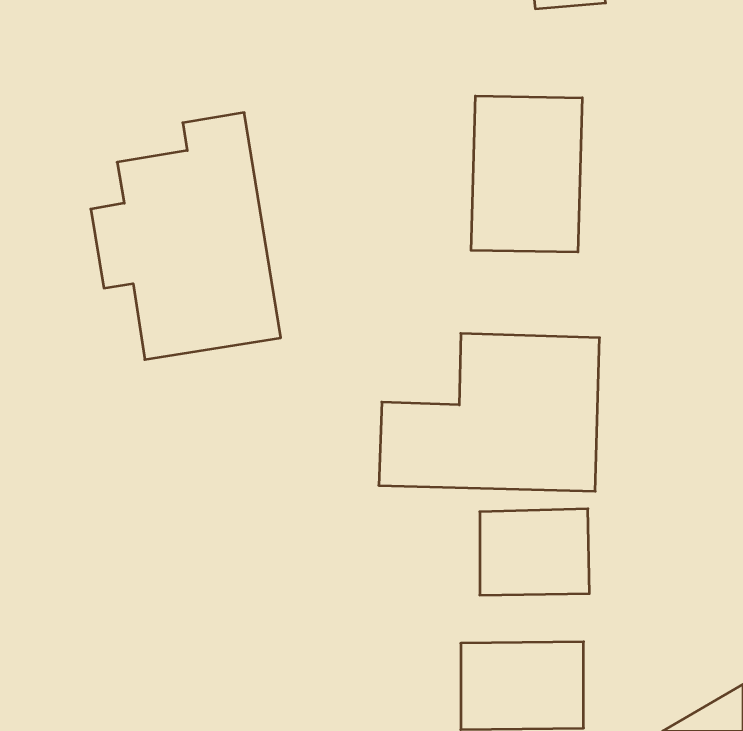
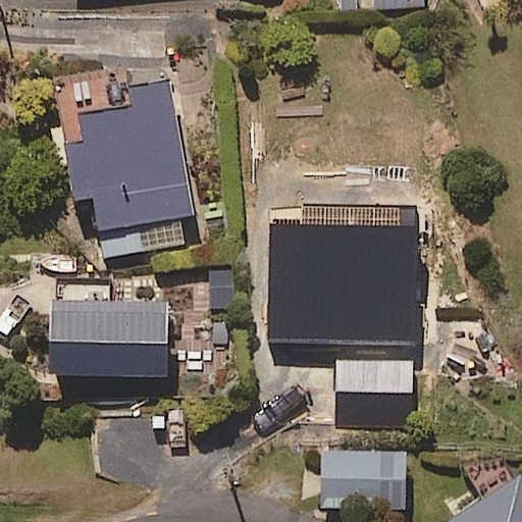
building: [471,96,582,252] -> none
building: none -> [50,300,167,376]

